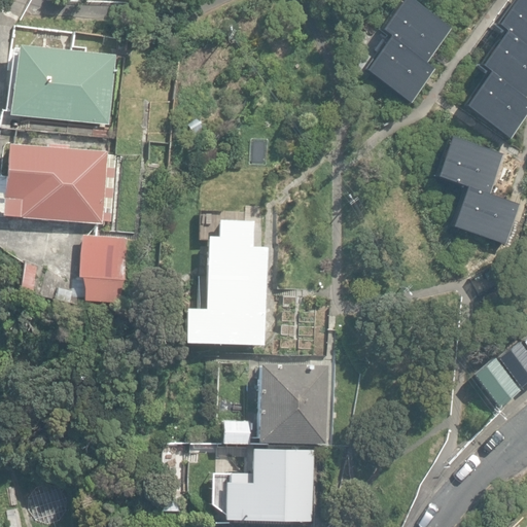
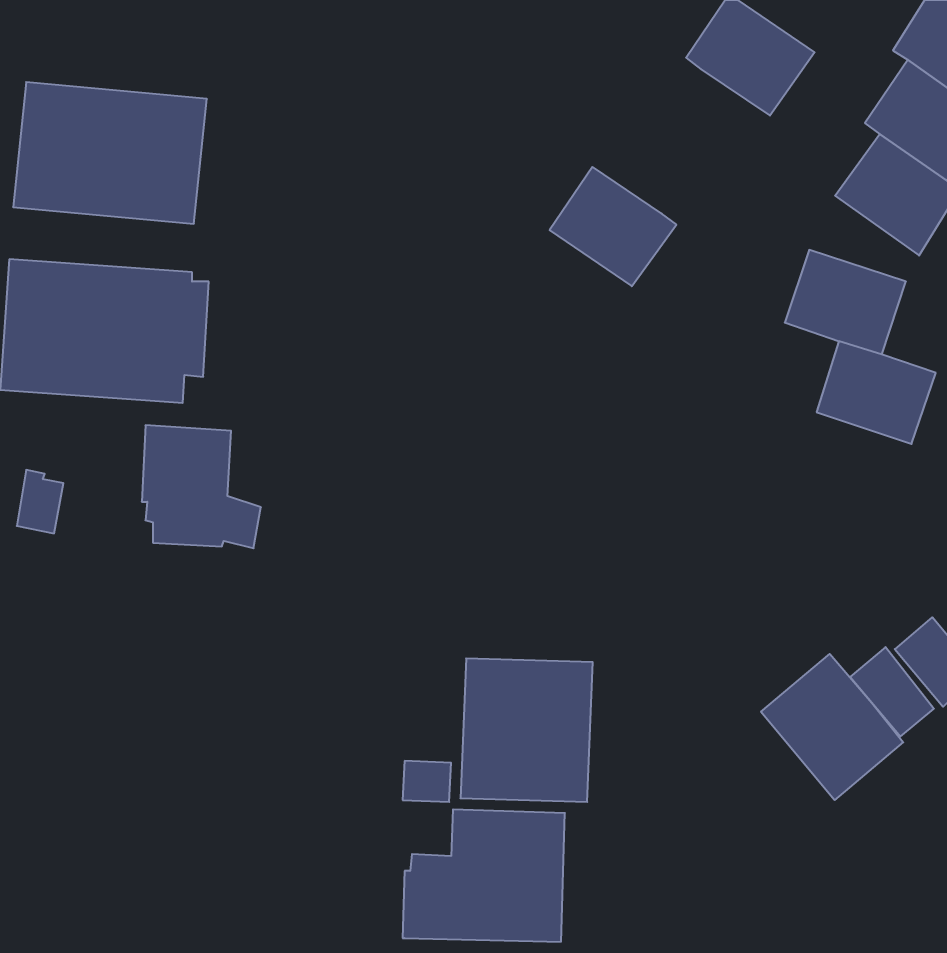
building: [366,38,436,104] -> [550,167,676,286]
building: [185,219,269,344] -> none
building: none -> [761,654,903,800]

